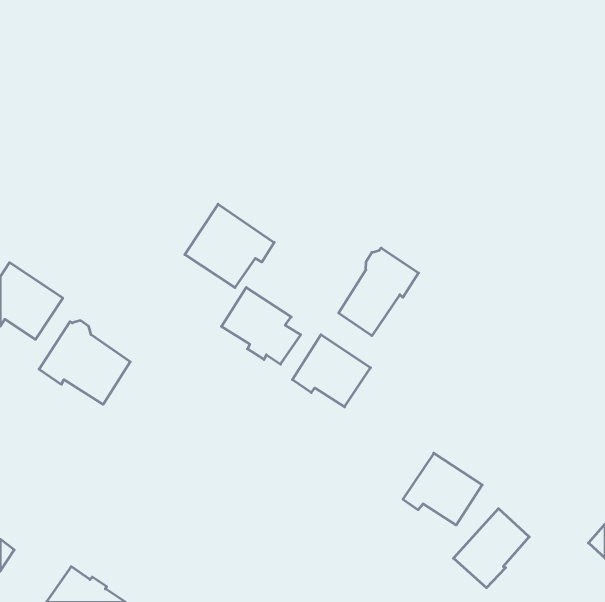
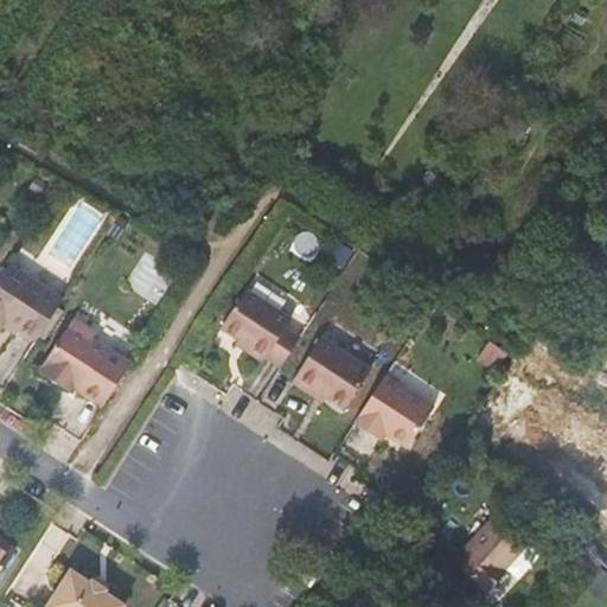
building: [185,204,274,288] -> none
building: [339,248,419,336] -> none
building: [403,453,482,525] -> [354,375,434,447]

